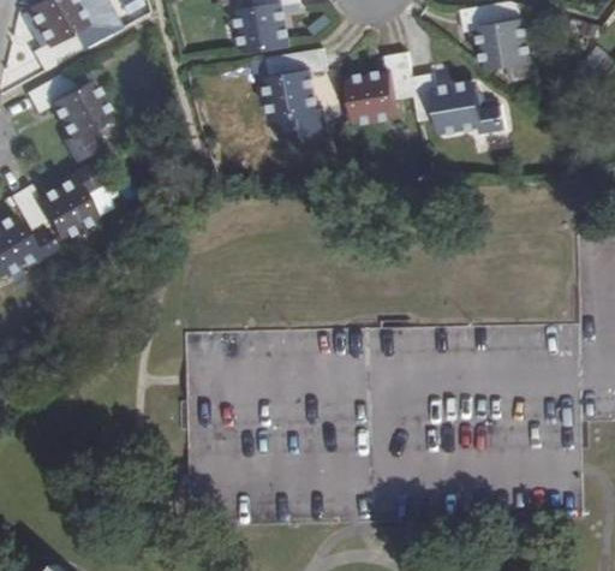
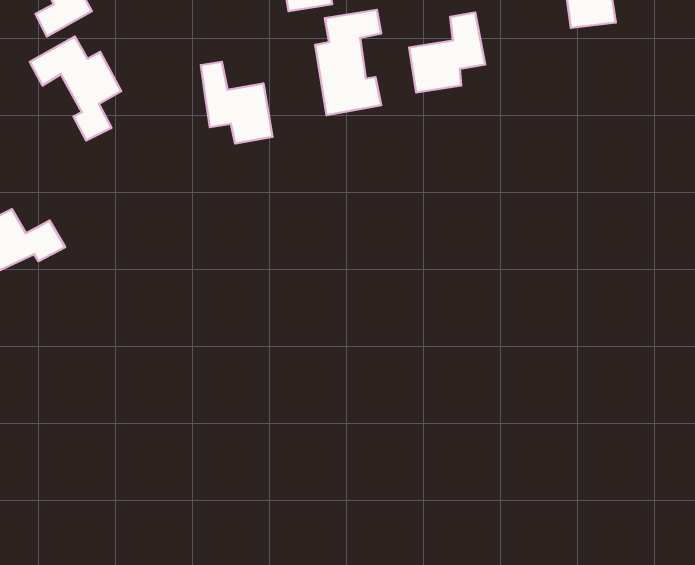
building: [412,73,504,132] -> none
building: none -> [201,62,273,143]
building: [11,163,103,239] -> none

